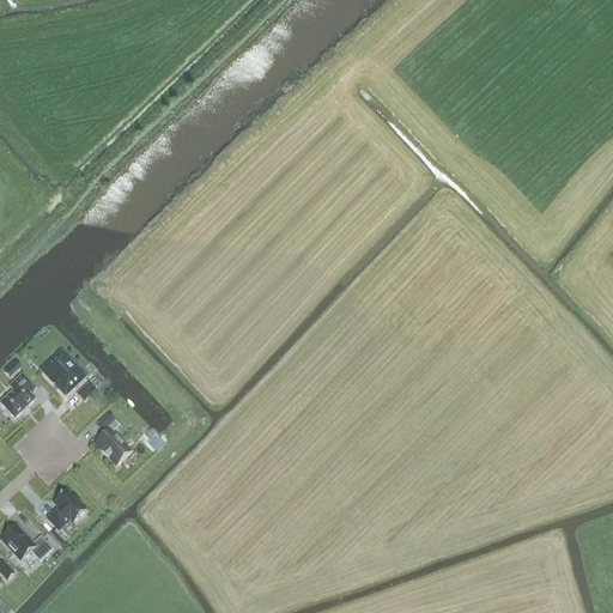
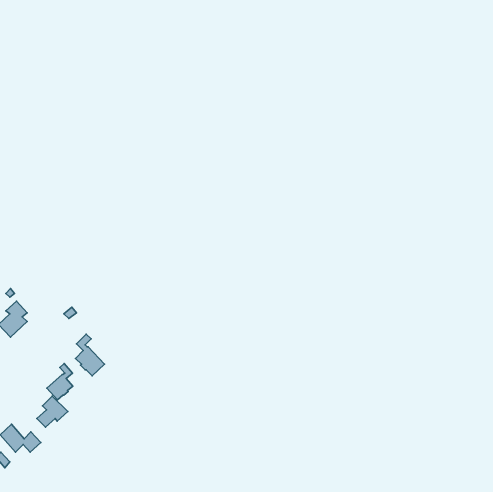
building: [40,350,84,394] -> none
building: none -> [47,364,73,400]

